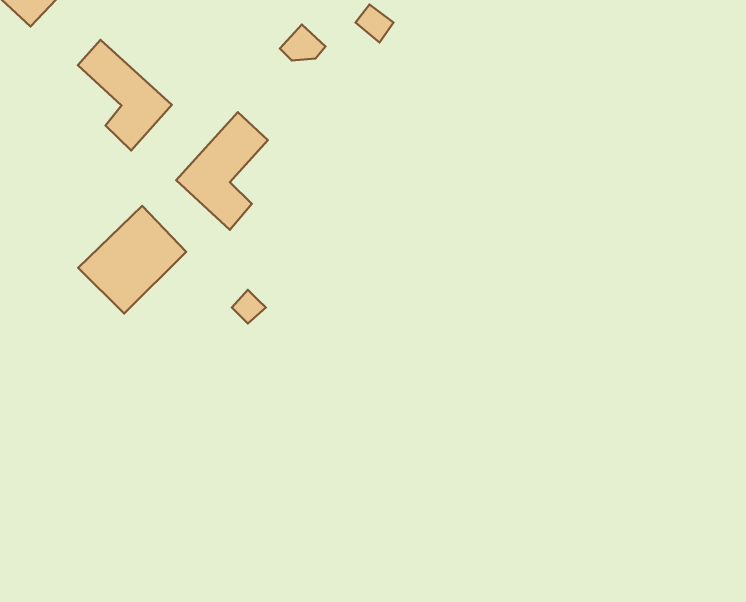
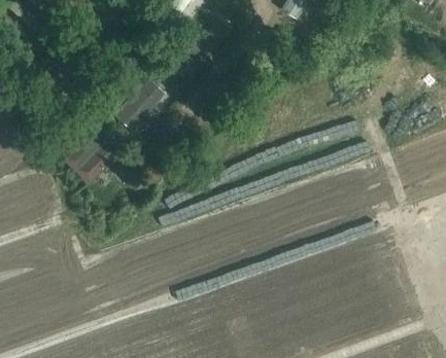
building: [78,40,172,150] -> none

